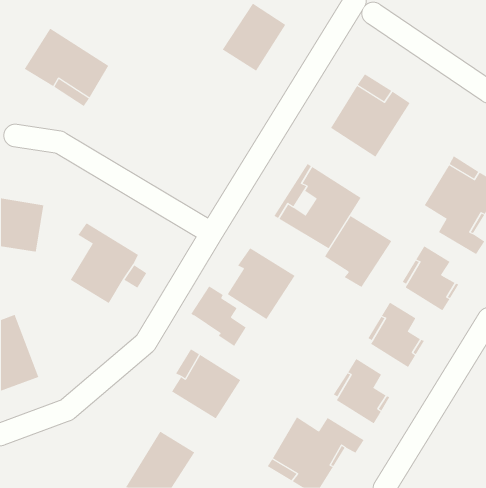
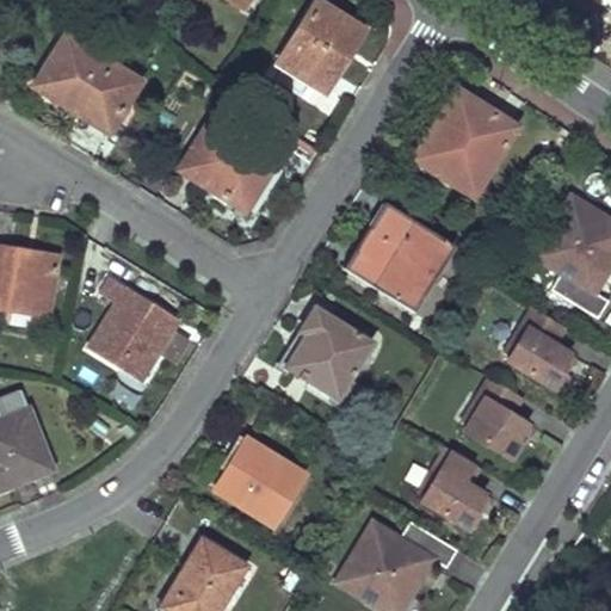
building: none -> [179,123,274,212]
building: [324,215,392,288] -> none
building: [191,285,246,347] -> none

